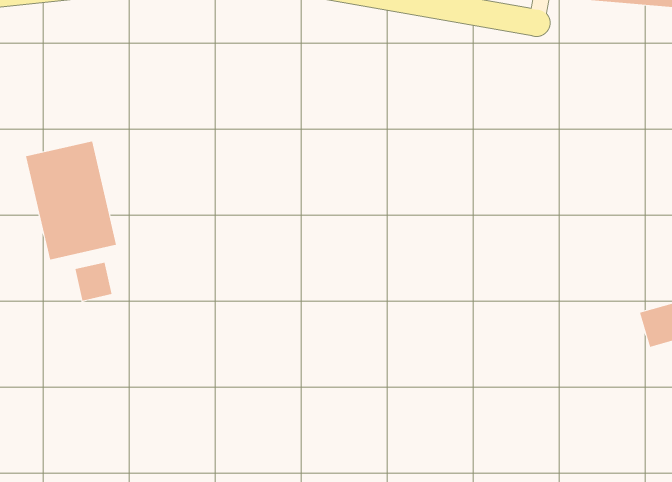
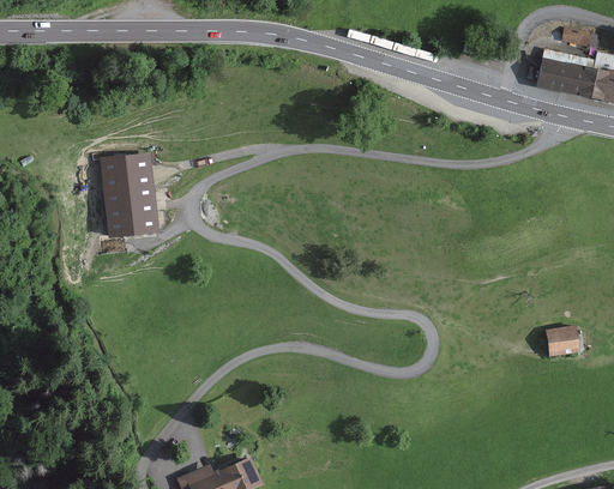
building: [75,262,112,302] -> none

